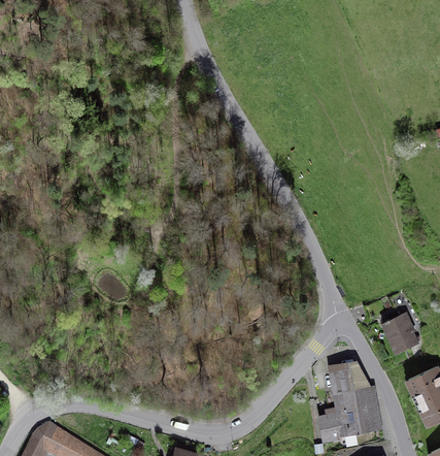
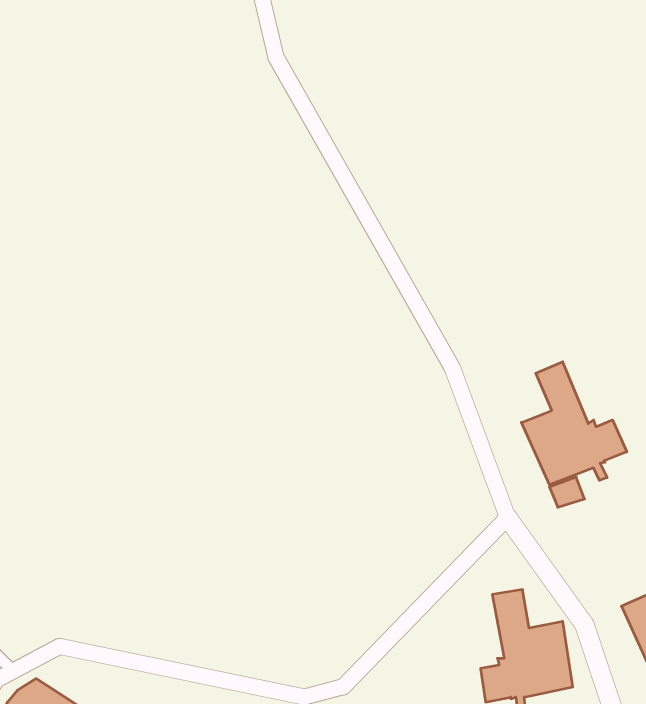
building: none -> [521,362,627,485]
building: [380,313,419,354] -> none

